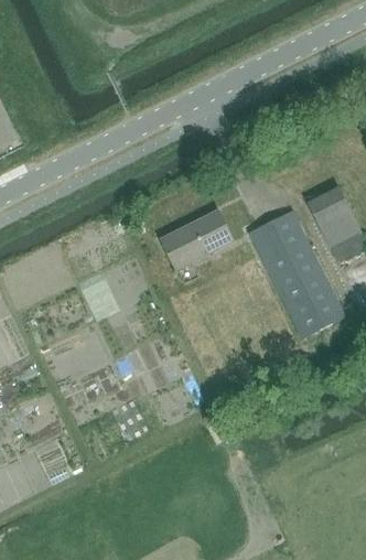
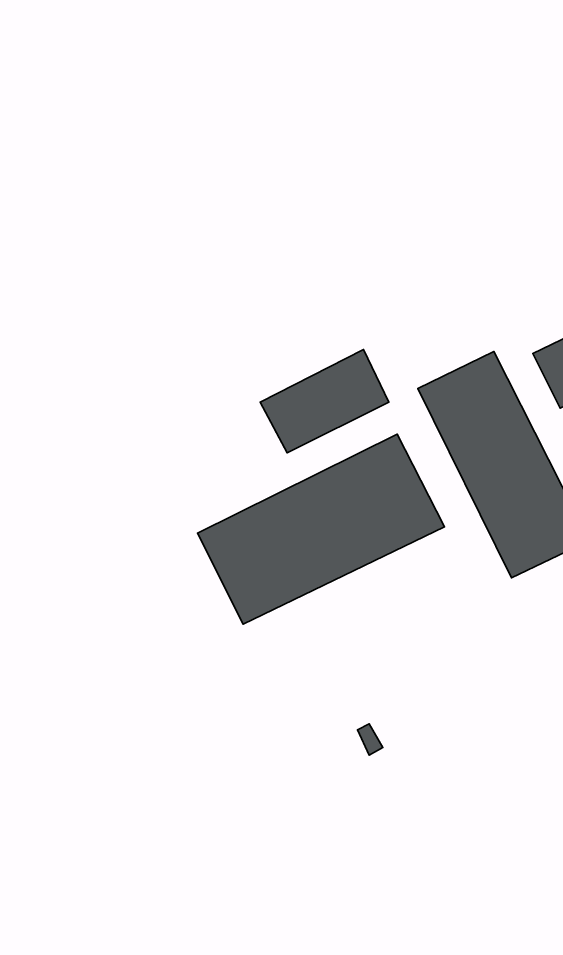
building: none -> [197,434,445,624]

